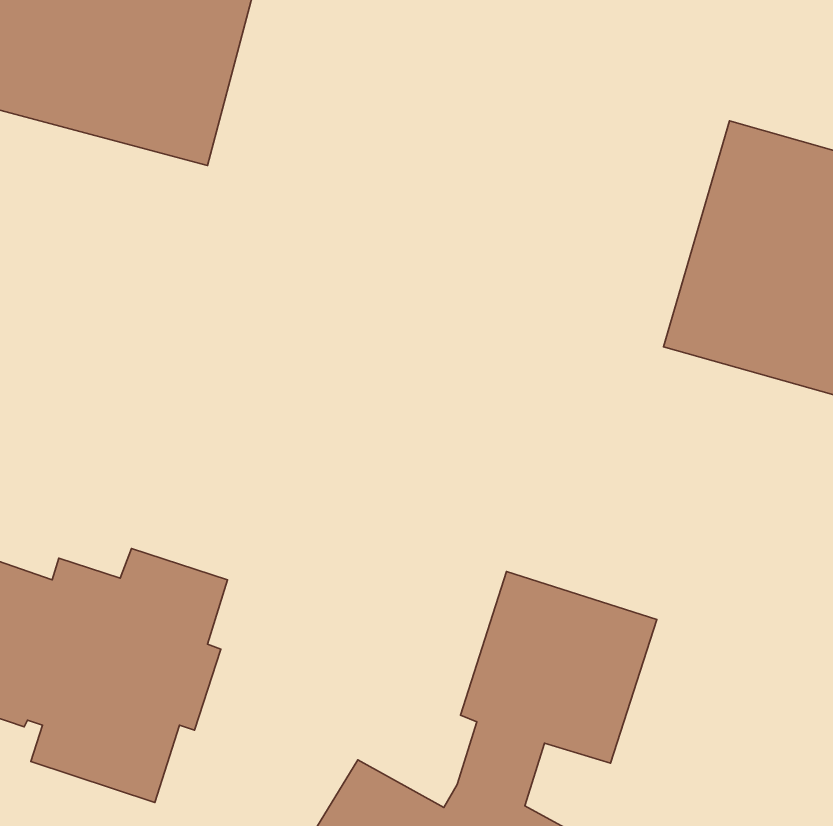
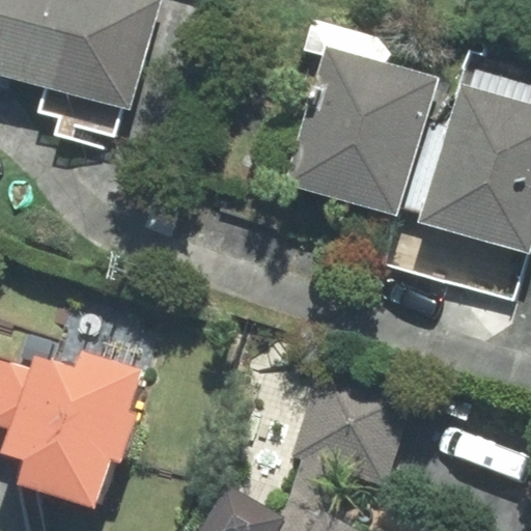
building: none -> [284,45,441,220]

